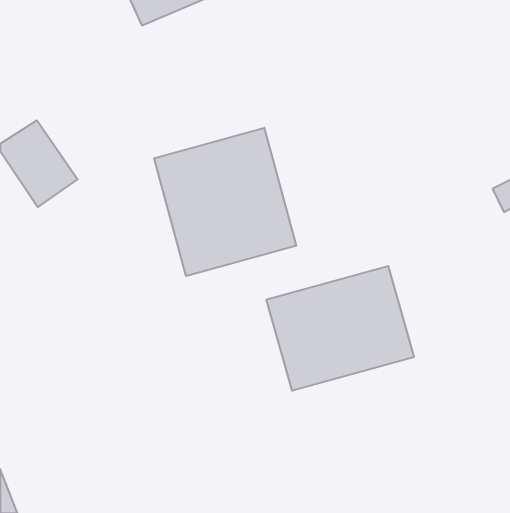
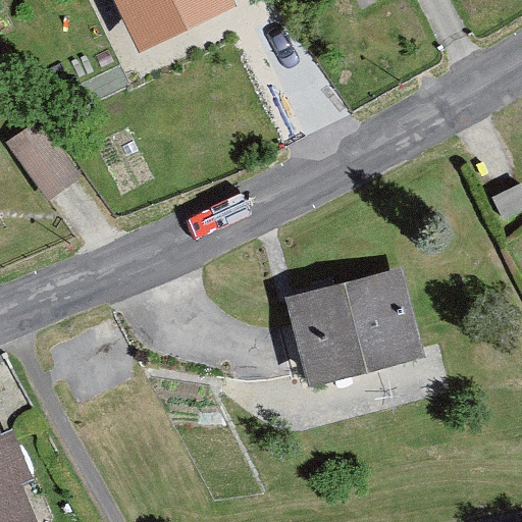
building: [154,128,296,276] -> none

